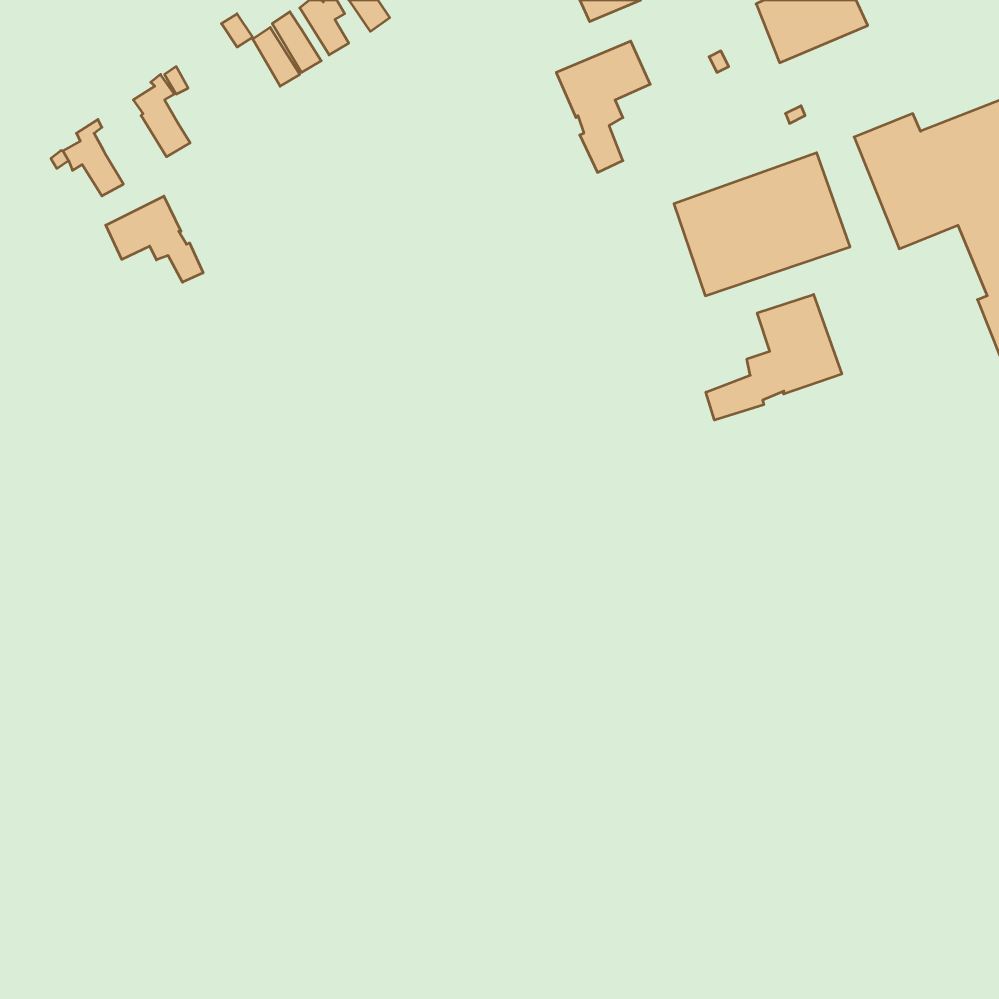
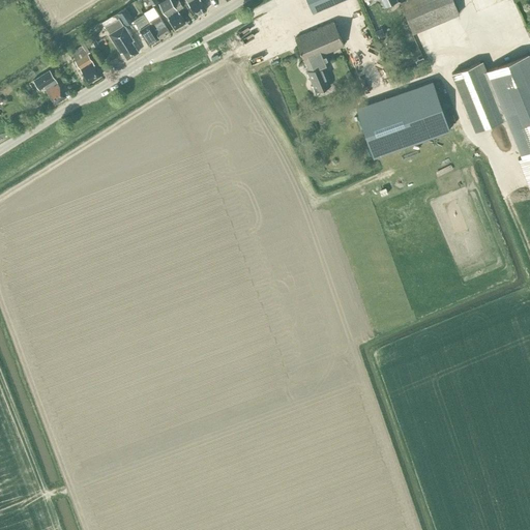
building: none -> [106,19,139,60]
building: [106,196,203,282] -> none
building: [706,294,842,420] -> none

